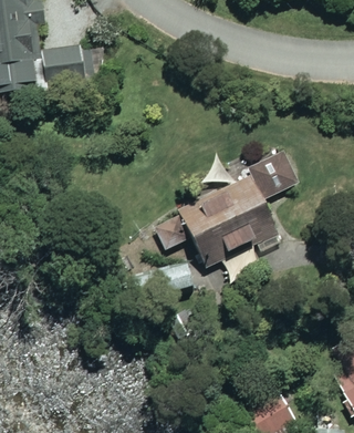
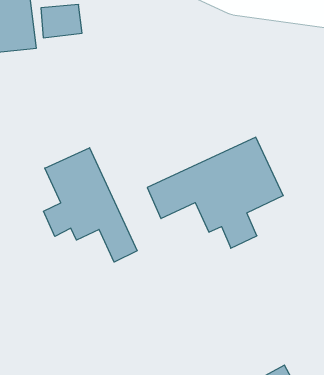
building: none -> [44,148,137,262]

